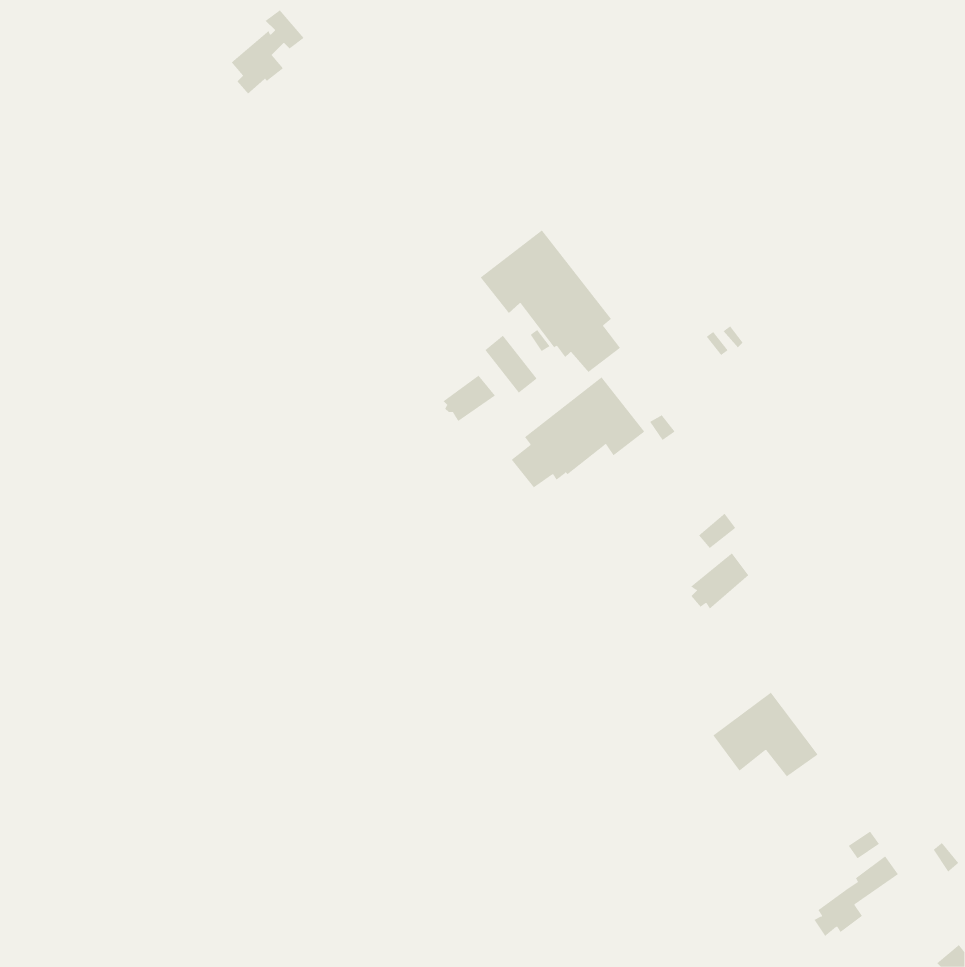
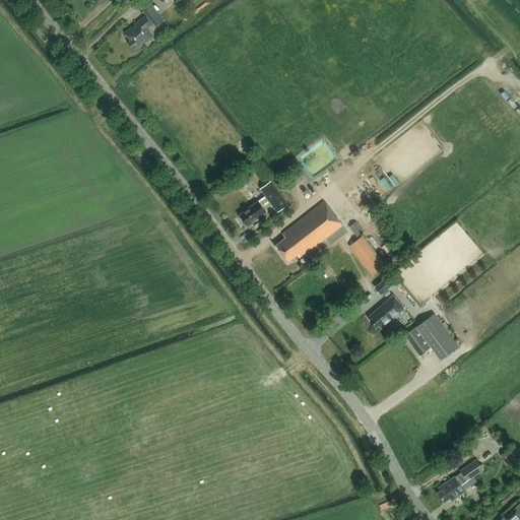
building: [480,229,621,373] -> none
building: none -> [348,237,384,276]
building: [713,692,819,777] -> [402,314,459,360]

